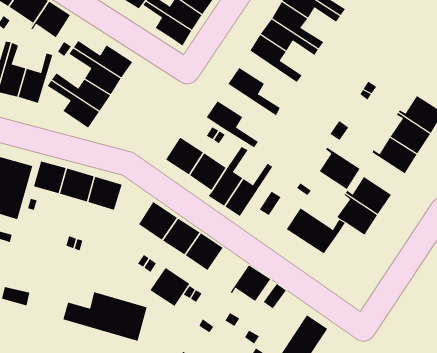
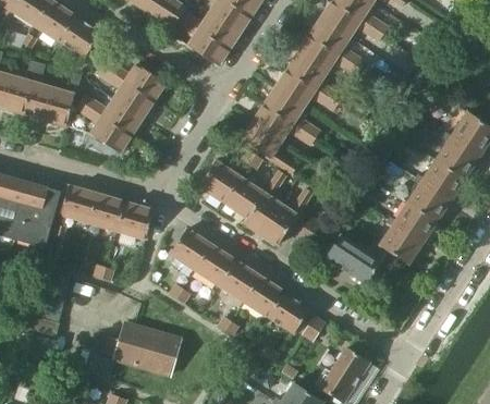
building: none -> [277,70,338,110]
building: none -> [254,105,316,144]
building: [319,147,361,190] -> [407,176,451,221]
building: [150,267,190,312] -> [244,277,286,323]

